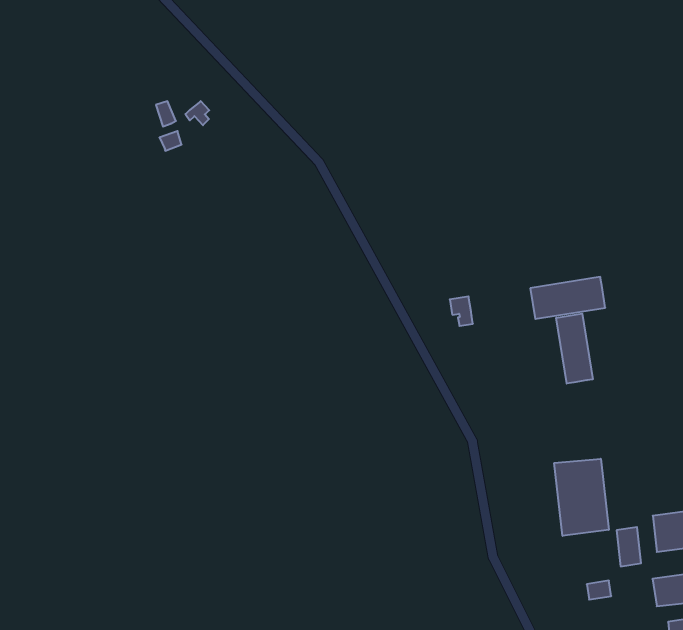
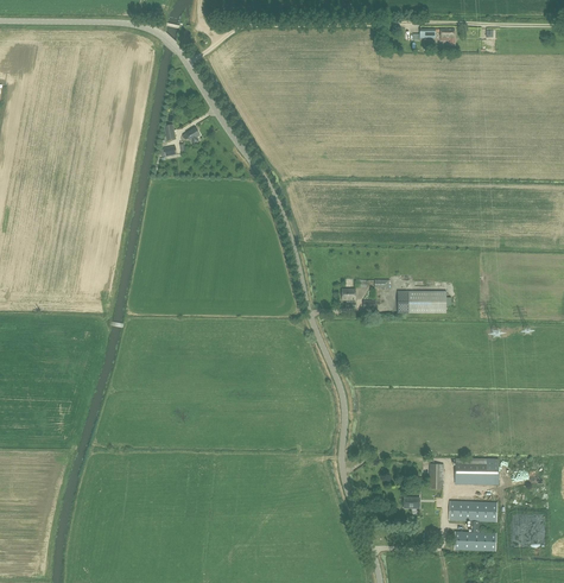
building: [556,314,593,384] -> none
building: [554,459,609,536] -> none

